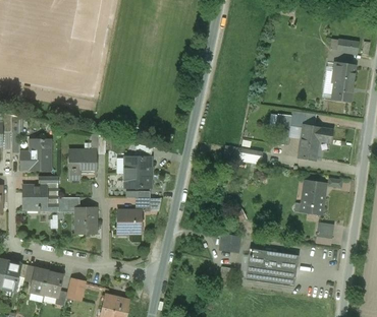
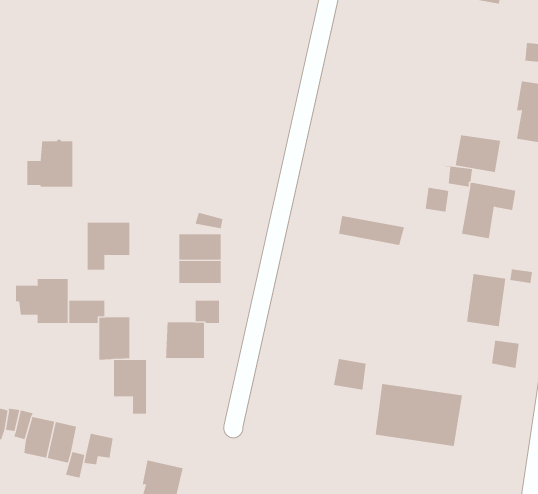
building: none -> [455,135,503,173]
building: [21,139,50,169] -> [27,139,73,187]
building: none -> [114,359,146,414]

